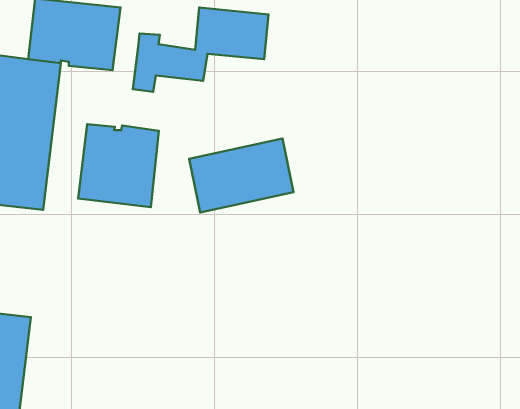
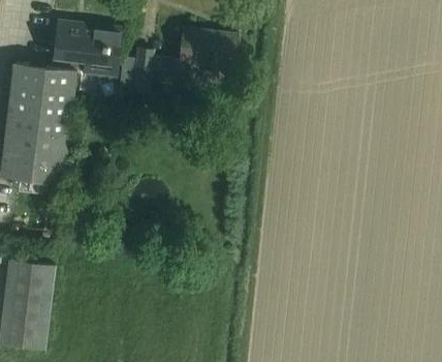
building: [78,124,159,207] -> none
building: [189,139,294,213] -> none

